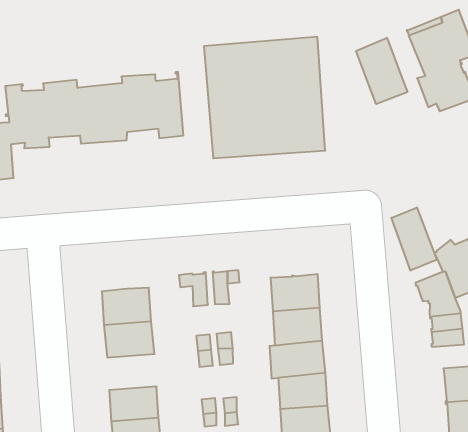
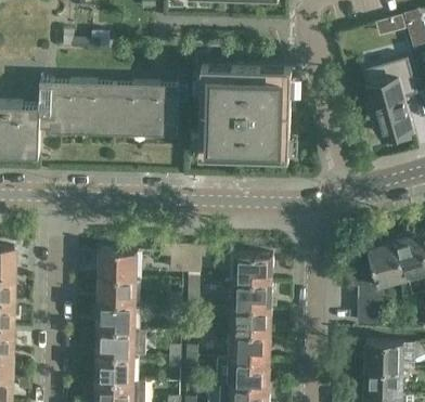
building: [356,38,407,104] -> none
building: [391,207,437,271] -> none
building: none -> [98,307,137,334]

